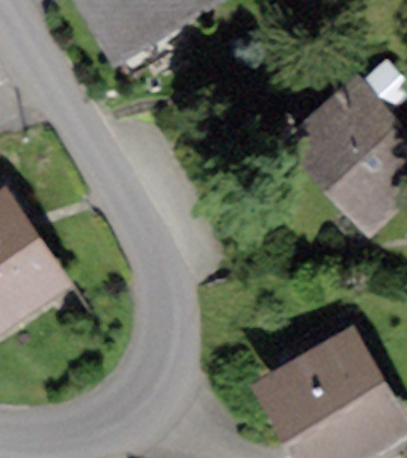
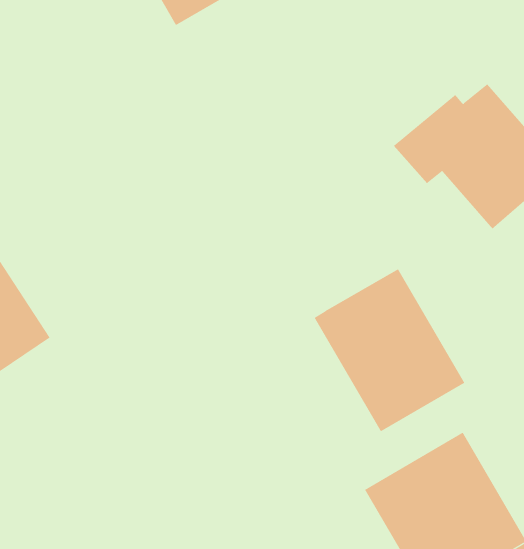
building: none -> [314,269,465,432]

